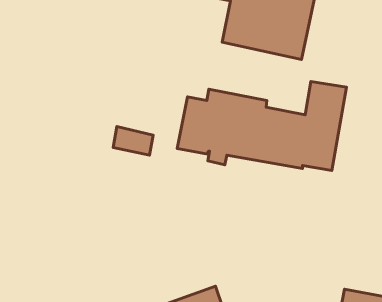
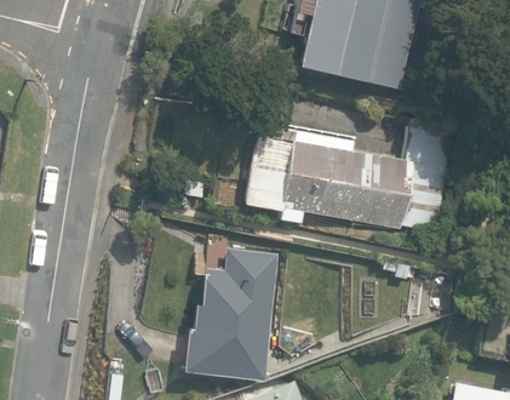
building: none -> [183,247,281,381]

